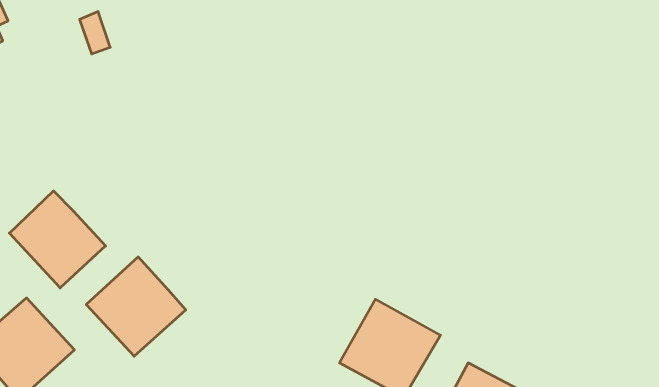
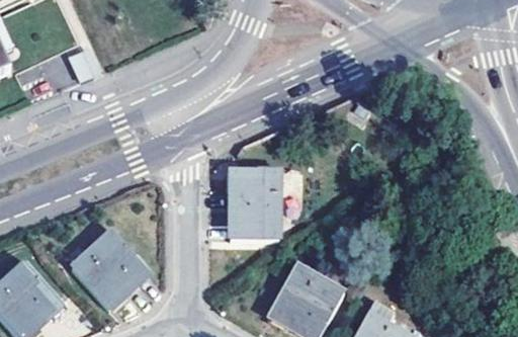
building: none -> [230,167,277,239]
building: [9,191,106,288] -> none

